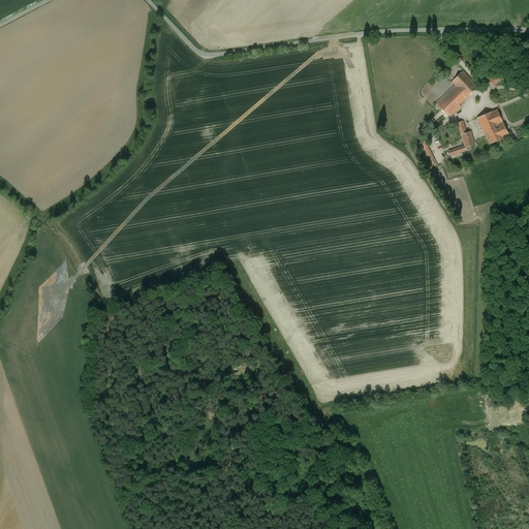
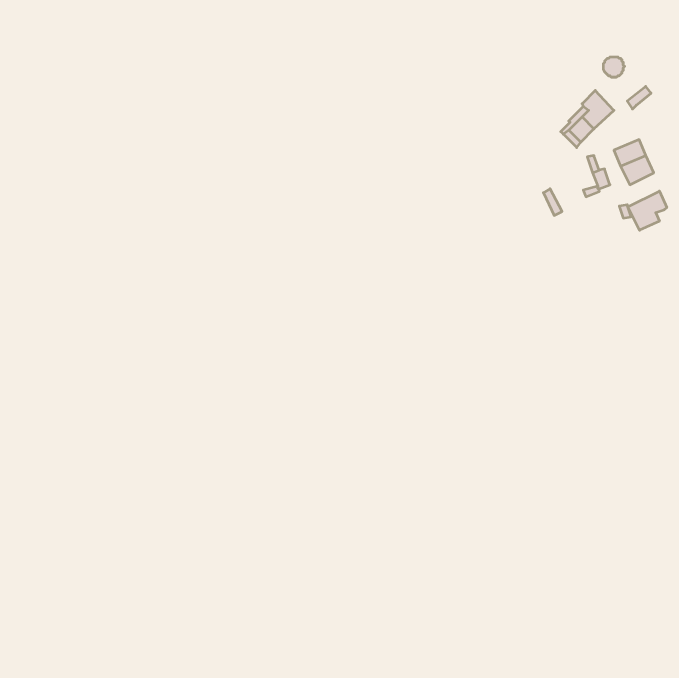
building: none -> [628,191,667,230]

